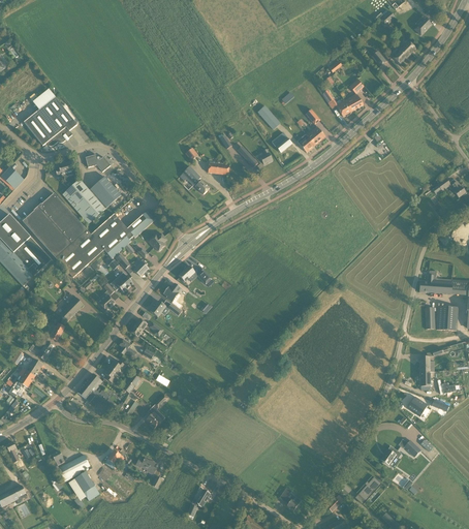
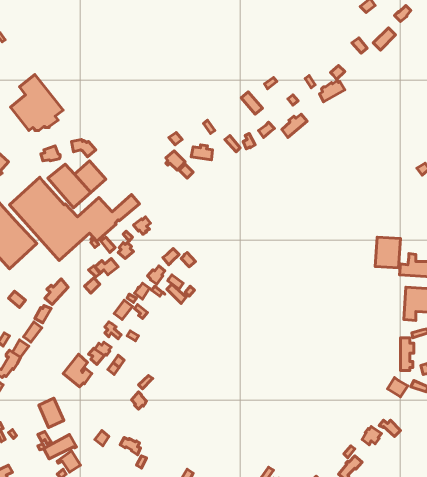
building: none -> [375,237,401,268]
building: none -> [39,398,64,427]

